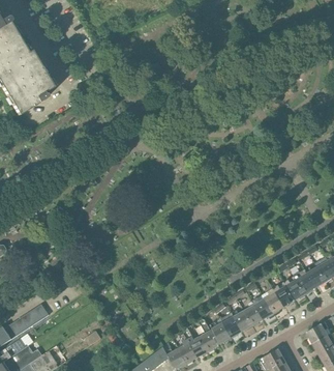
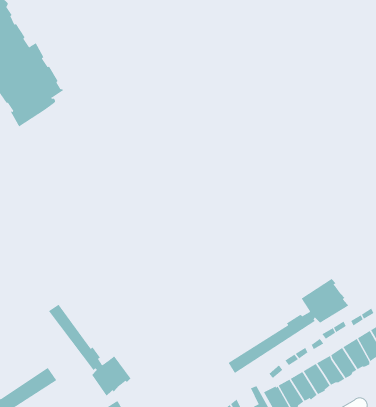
building: none -> [228,278,349,374]
building: none -> [48,304,131,396]

